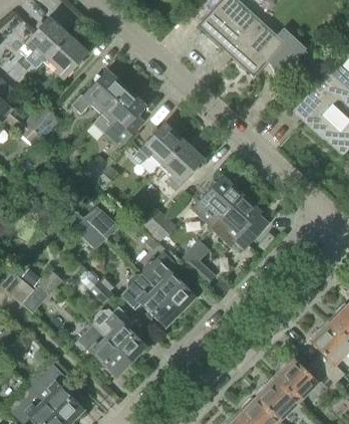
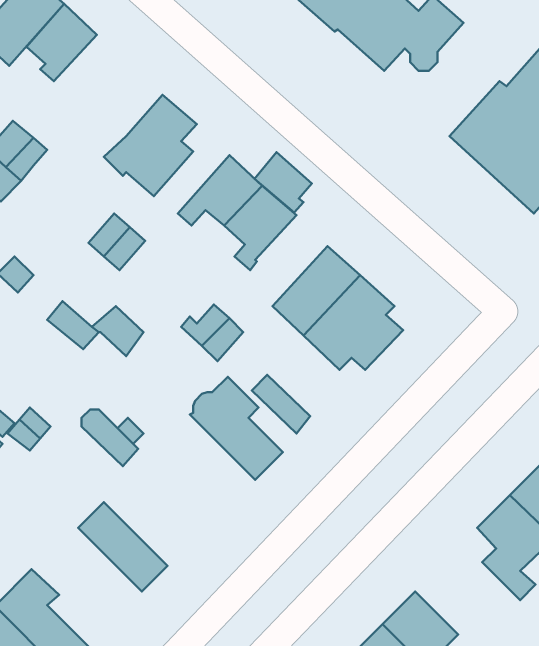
building: [70,70,126,116] -> none
building: none -> [255,152,312,213]
building: [120,274,181,329] -> none
building: [92,307,145,363] -> none
building: [274,359,335,403] -> none

